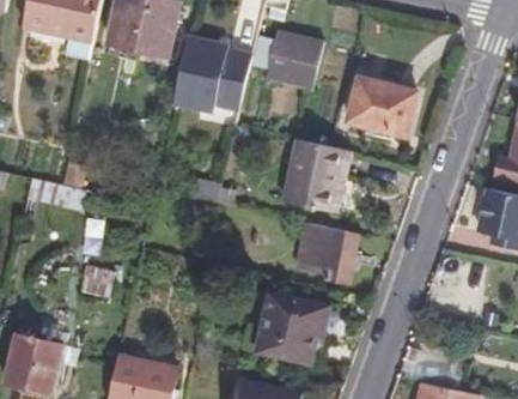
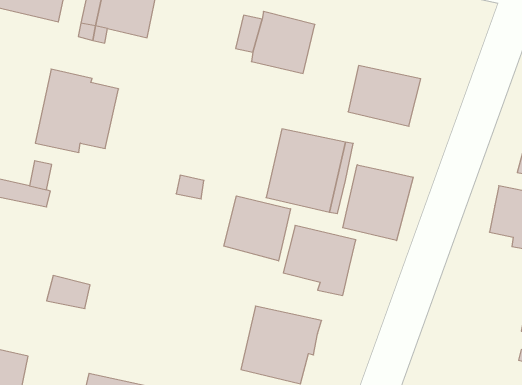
building: [175,32,250,108] -> [35,69,119,152]
building: none -> [343,165,413,241]
building: none -> [224,196,291,261]

